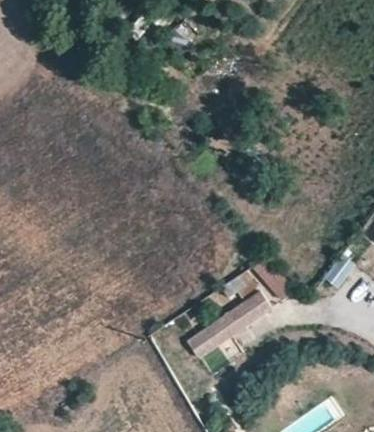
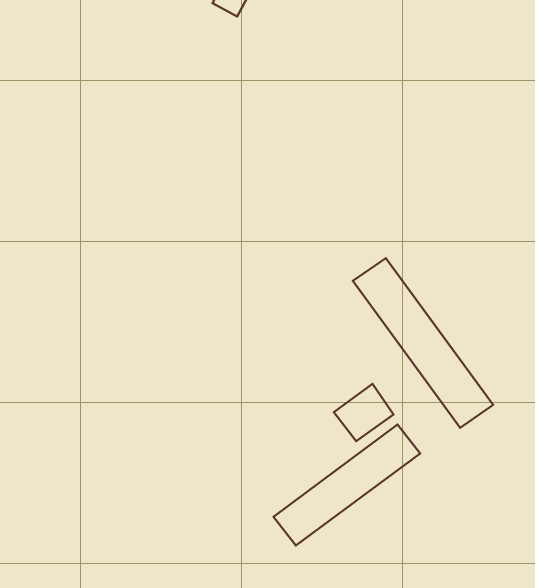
building: none -> [353,258,493,428]

